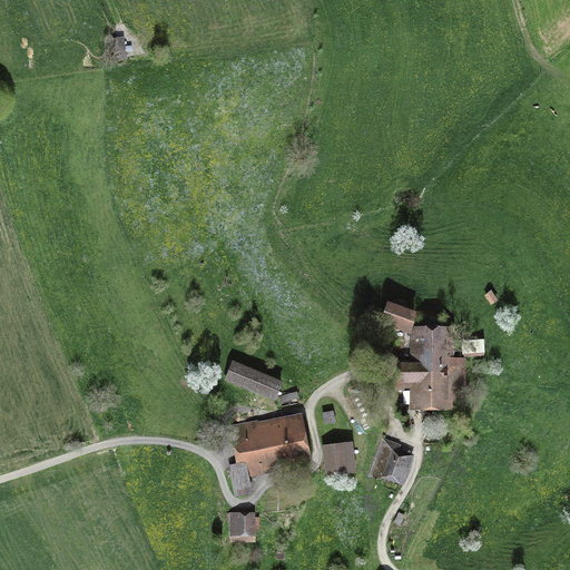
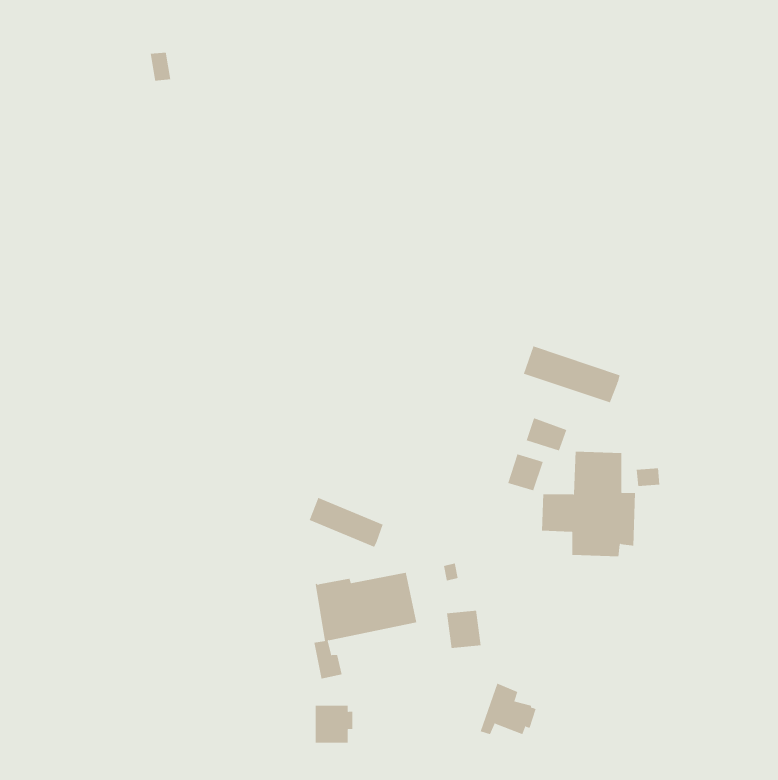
building: none -> [523,346,620,403]
building: none -> [507,454,543,491]
building: [370,440,411,478] -> [480,683,536,735]

